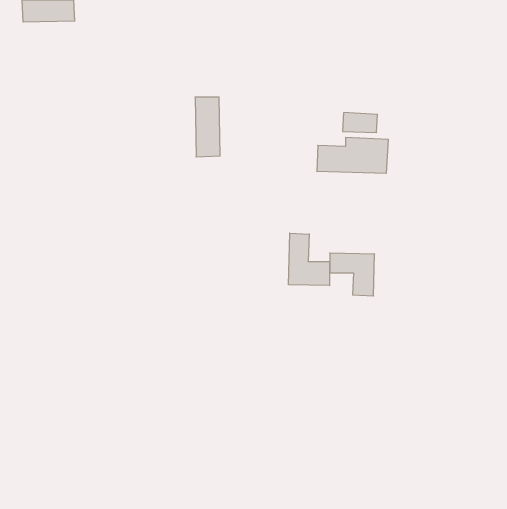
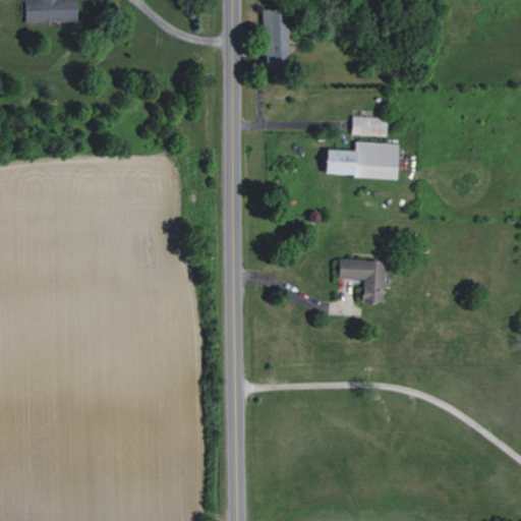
building: [195,97,220,157] -> [264,9,289,70]
building: [289,233,330,286] -> none

